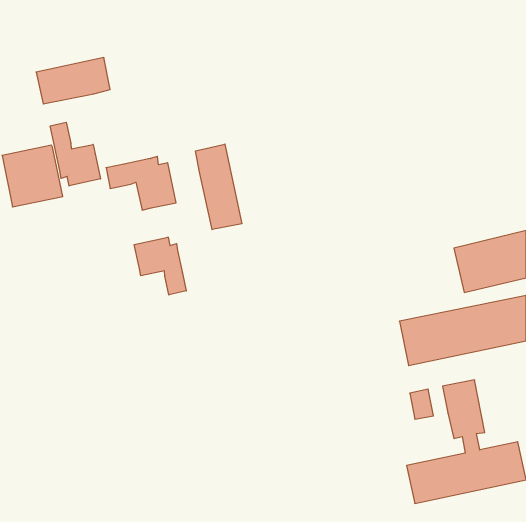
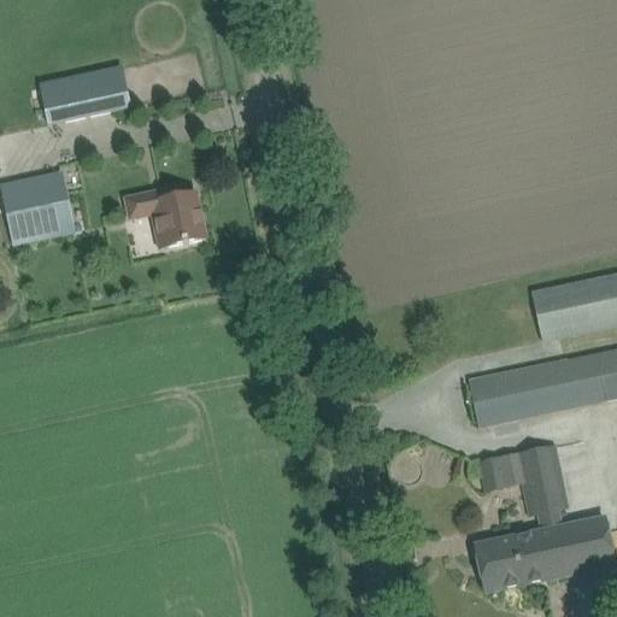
building: [50,122,100,186] -> none
building: [196,144,242,230] -> none
building: [134,237,186,295] -> none

